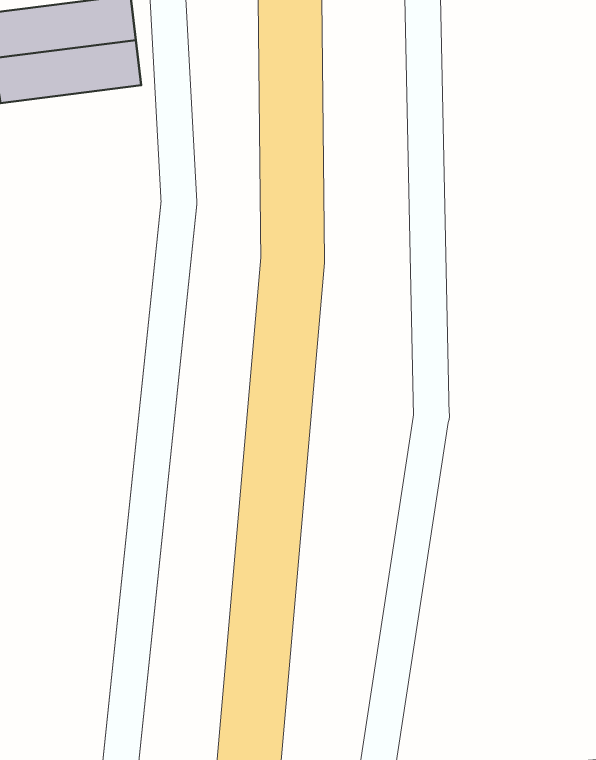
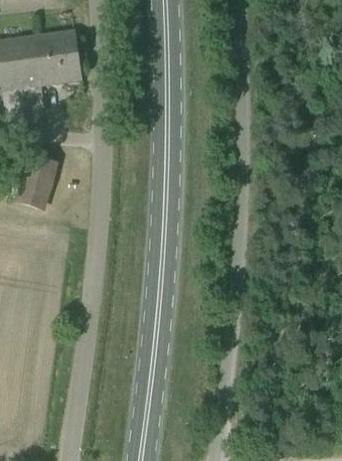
building: none -> [13,152,59,211]

